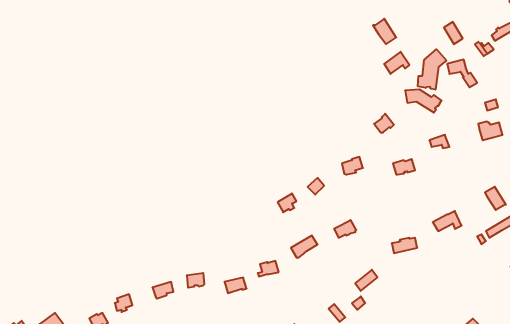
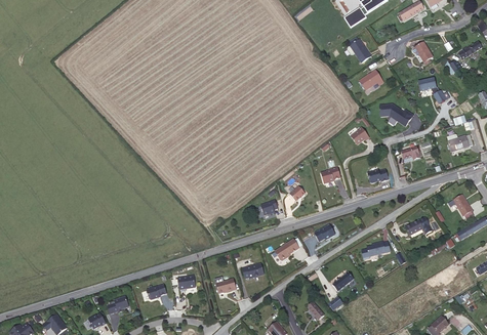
building: [418,49,446,90] -> none

